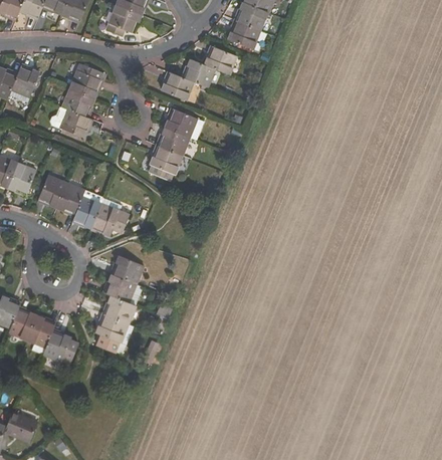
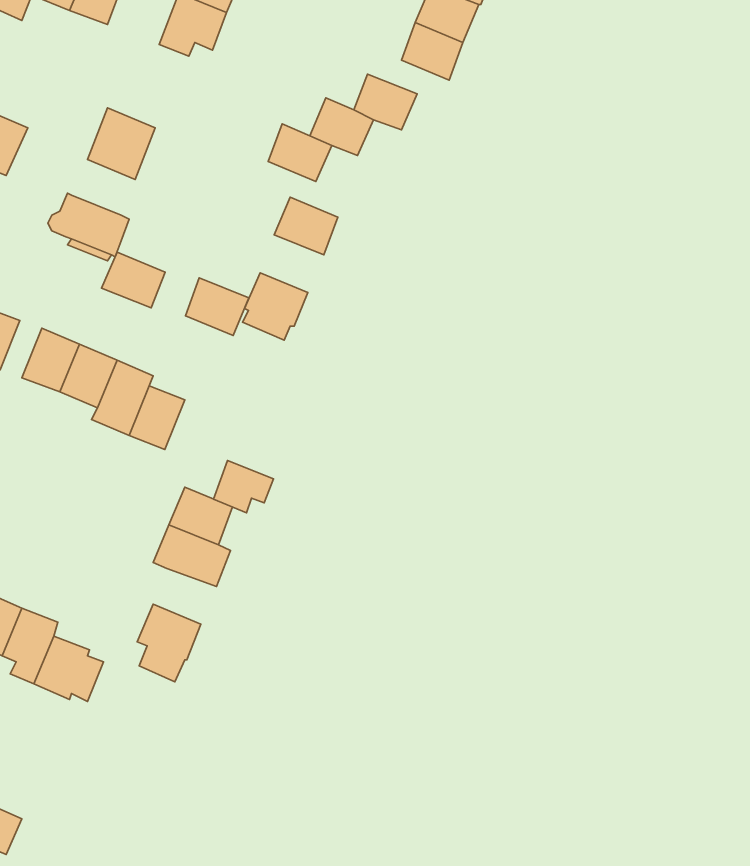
building: [62,88,94,117] -> [101,252,165,308]
building: [158,127,190,156] -> [185,278,249,336]
building: none -> [214,461,273,513]
building: [103,295,136,323] -> none

